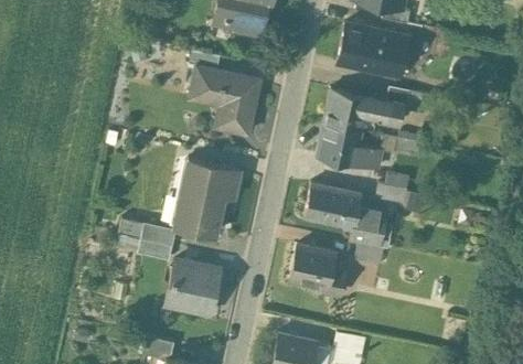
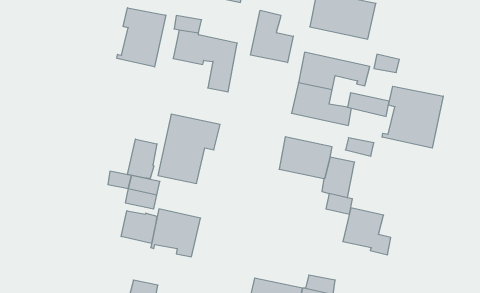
building: none -> [117,8,166,67]
building: none -> [251,10,293,63]
building: none -> [382,86,443,148]
building: none -> [128,139,157,179]
building: [290,244,342,295] -> [343,208,391,255]
building: none -> [121,211,157,243]

